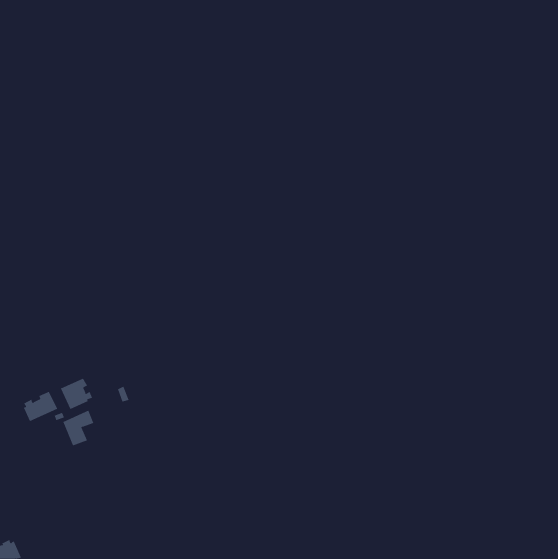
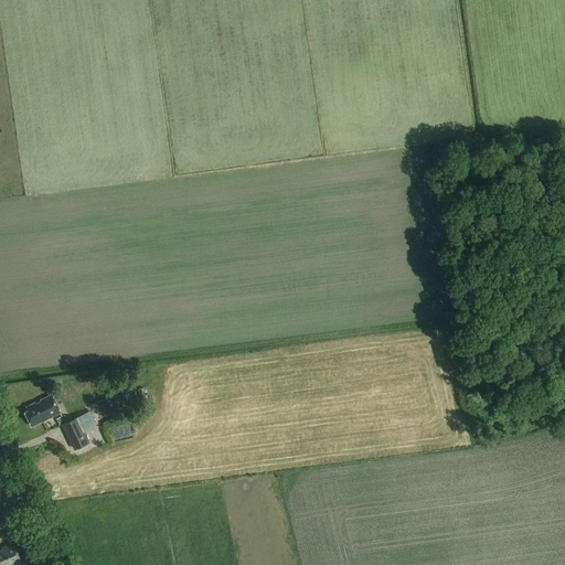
building: [60,378,93,410] -> none

